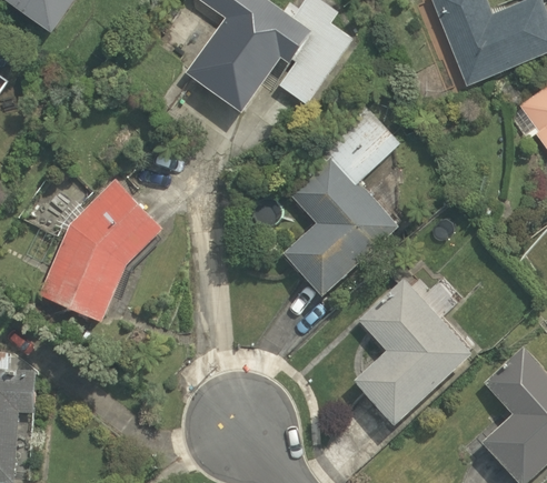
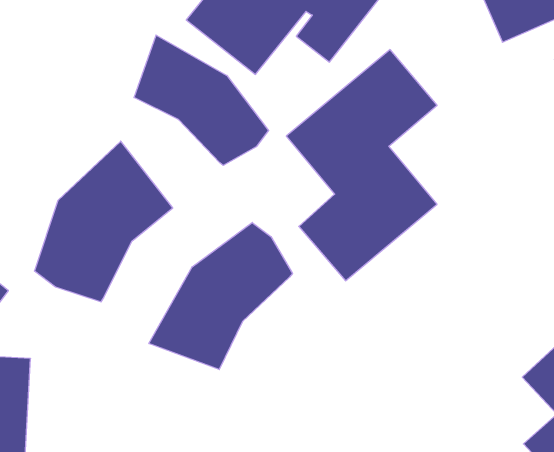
building: none -> [134,35,269,165]
building: none -> [149,222,292,370]
building: [356,275,480,424] -> none

